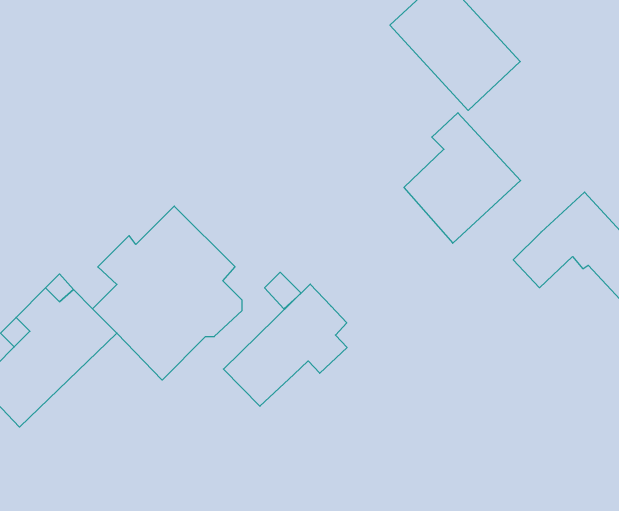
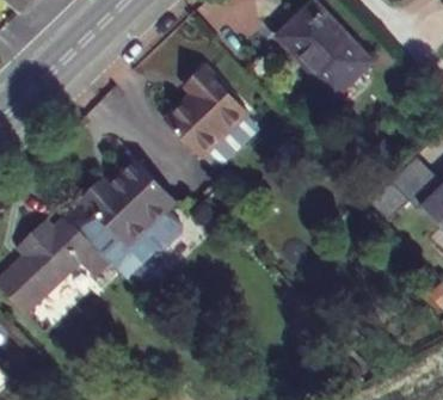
building: [404,113,521,243] -> [168,68,248,158]
building: [223,284,347,406] -> none

